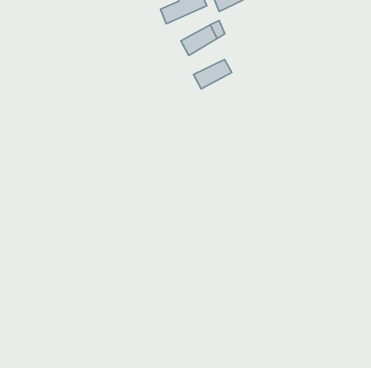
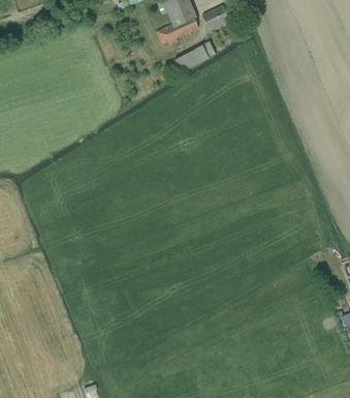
building: [194,60,232,89] -> none

